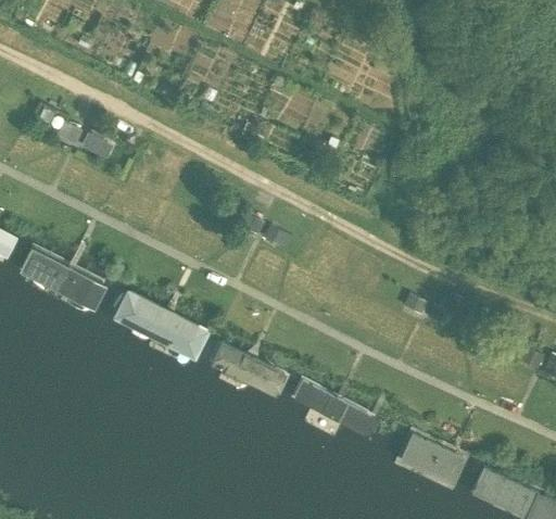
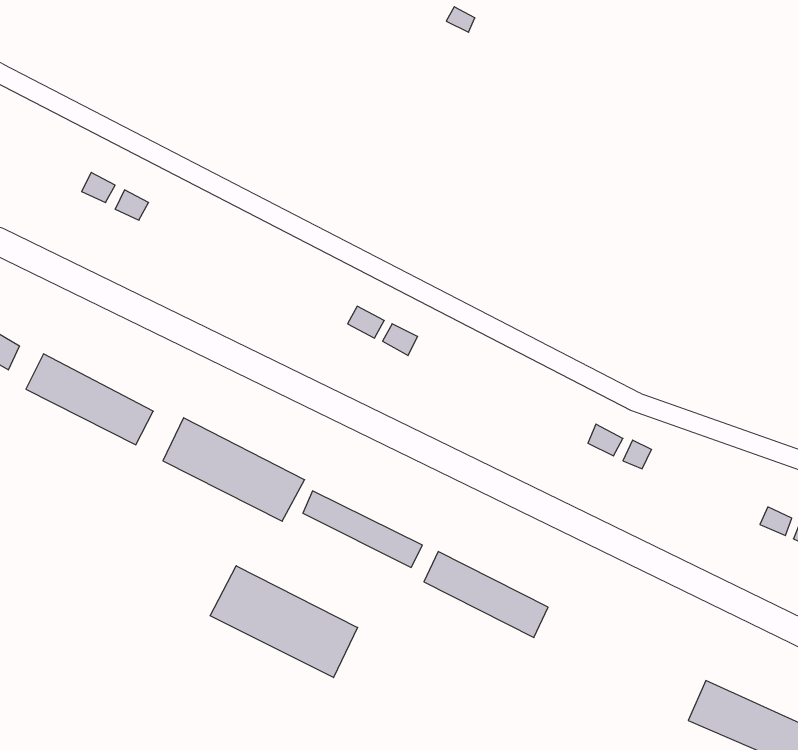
building: none -> [210,566,358,678]
building: [399,434,467,488] -> none

